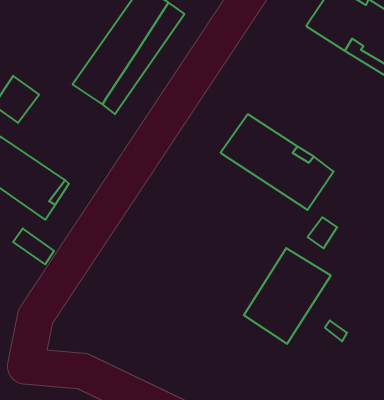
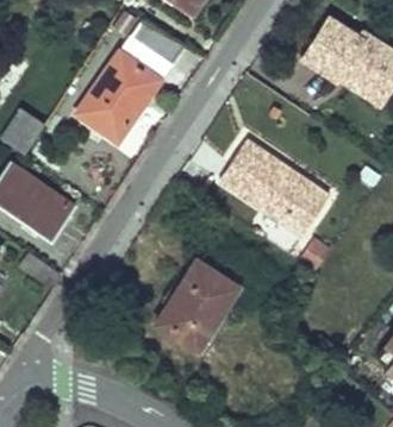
building: [244,248,331,344] -> [155,258,238,350]

